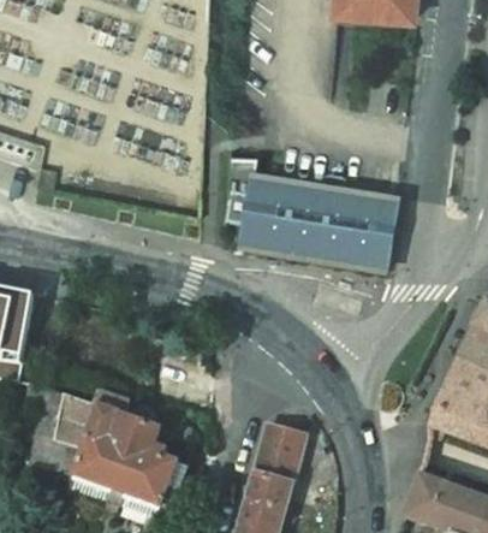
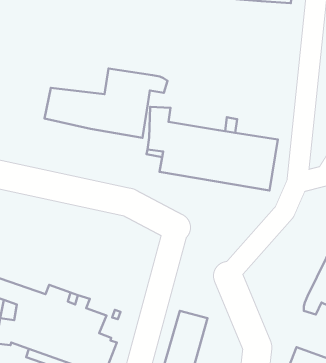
building: none -> [44,68,168,138]

